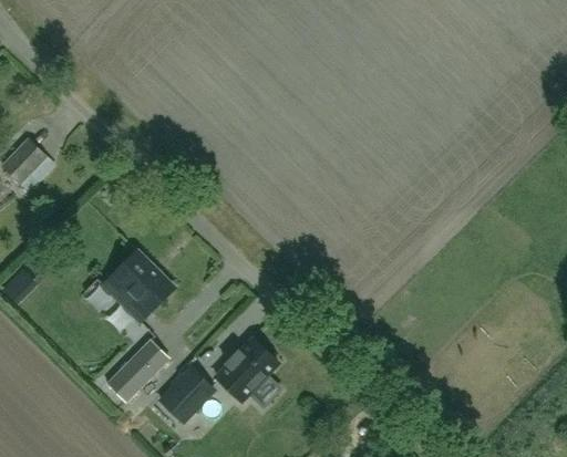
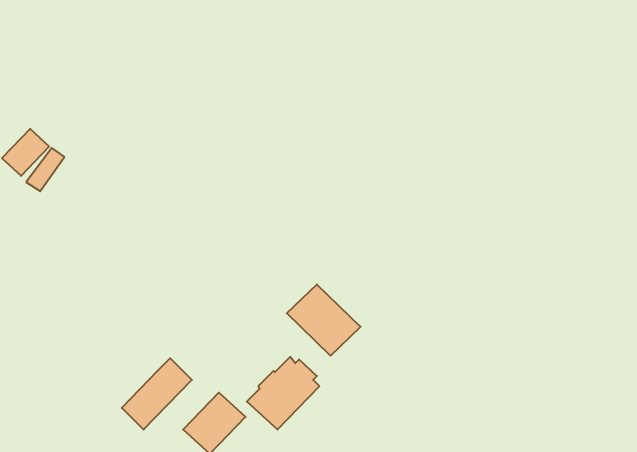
building: [102,250,173,320] -> none
building: none -> [287,284,361,356]

